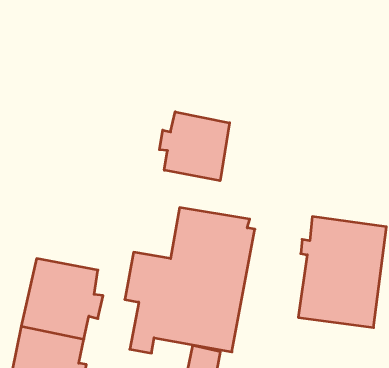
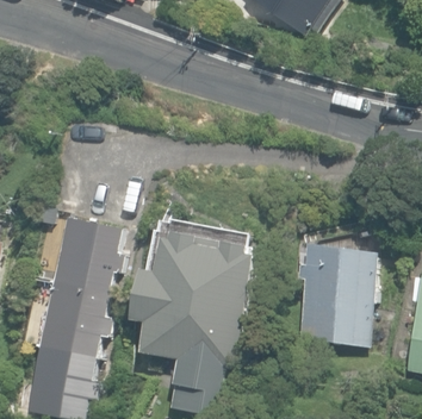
building: [159,112,230,181] -> none
building: none -> [50,214,122,292]

